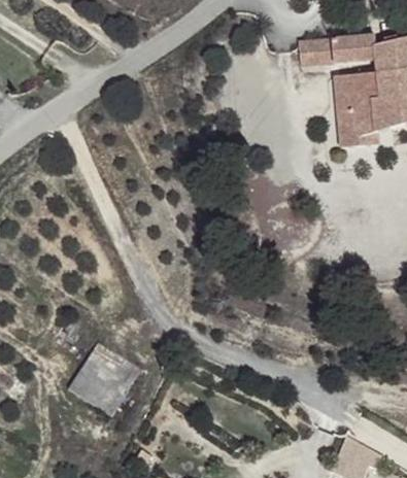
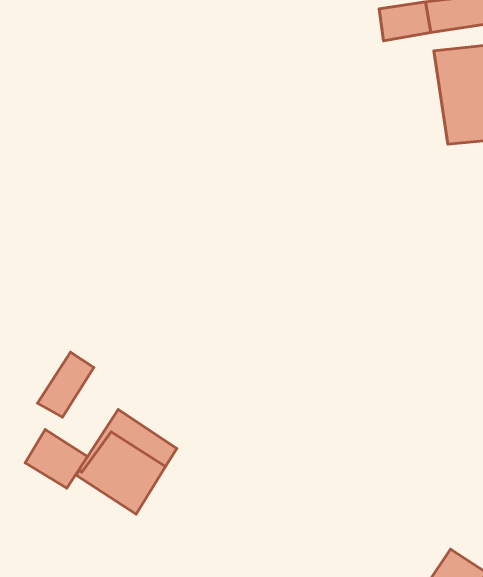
building: none -> [37,352,94,417]
building: none -> [25,429,87,488]

